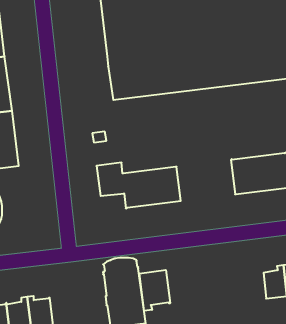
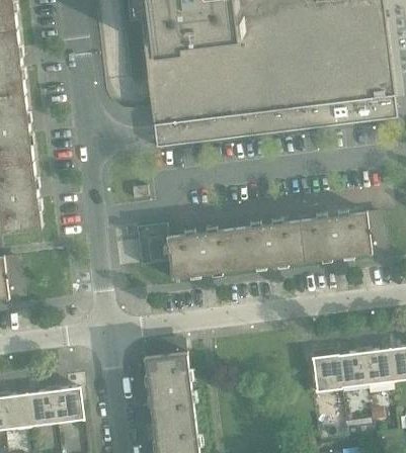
building: none -> [233,220,304,270]
building: [140,270,170,311] -> none
building: none -> [311,355,341,391]

